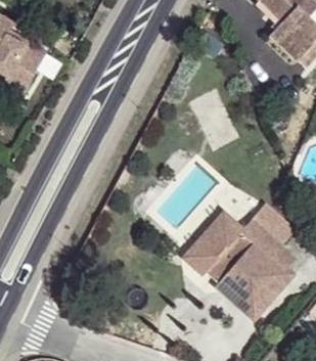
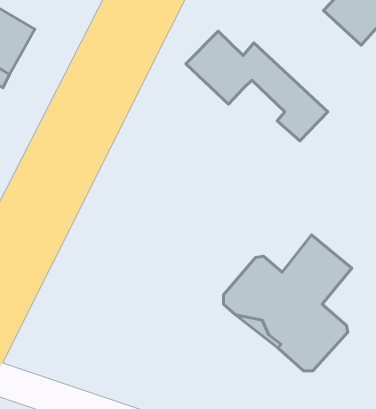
building: none -> [186,31,328,141]

